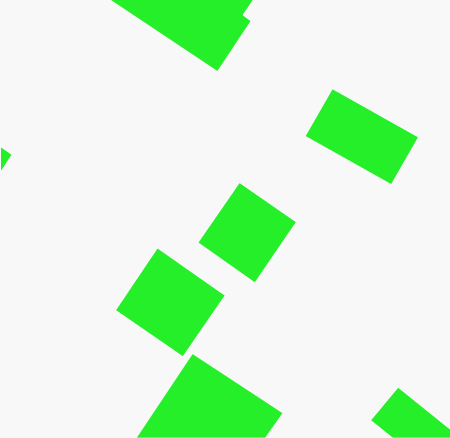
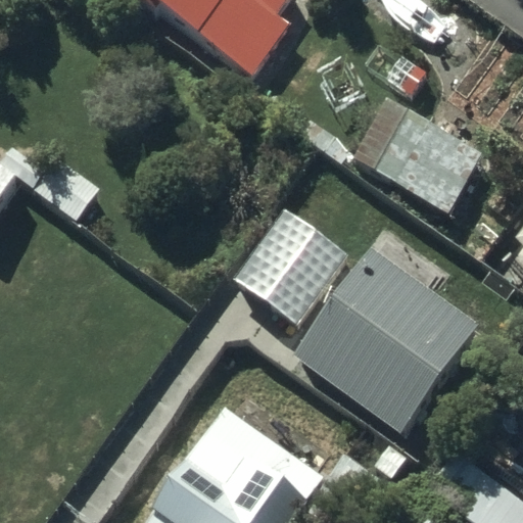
building: none -> [291,253,480,440]
building: [115,248,226,357] -> none

